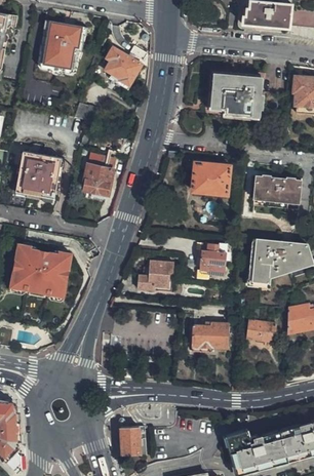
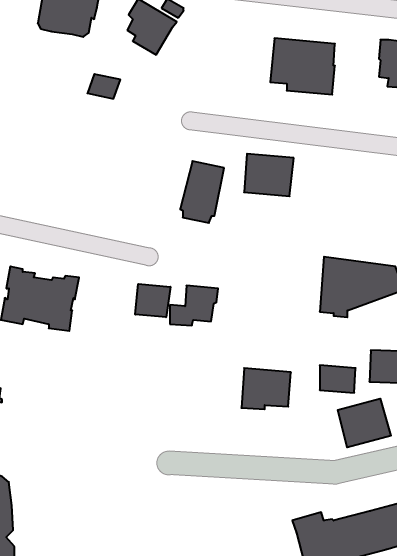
building: [15,151,62,198] -> none
building: [82,154,115,200] -> [180,161,224,223]
building: [254,175,300,200] -> none
building: [198,243,225,275] -> none
building: none -> [135,284,170,317]
building: none -> [338,399,391,447]
building: [119,425,146,455] -> none

